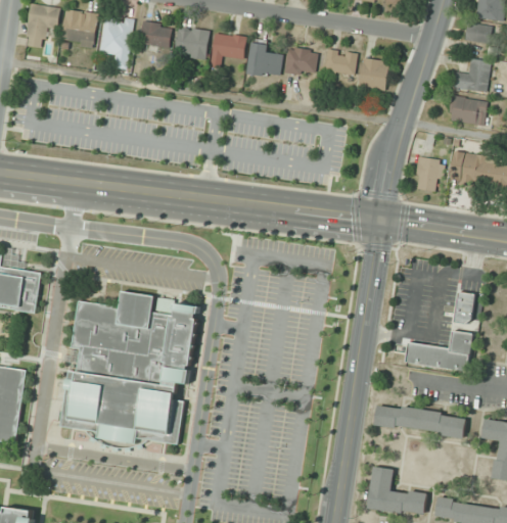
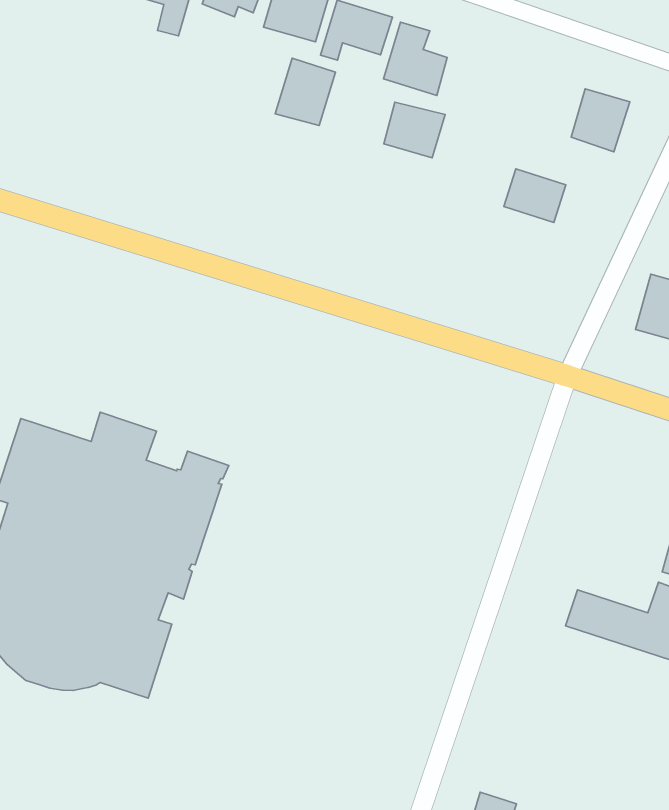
building: [285,48,317,76] -> [384,102,445,158]
building: [324,49,357,76] -> [504,169,566,223]
building: none -> [275,58,336,126]
building: [373,403,466,436] -> none

